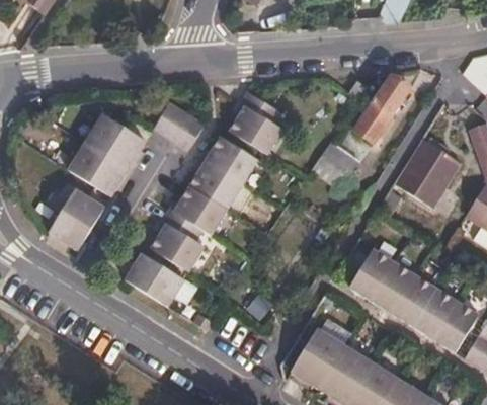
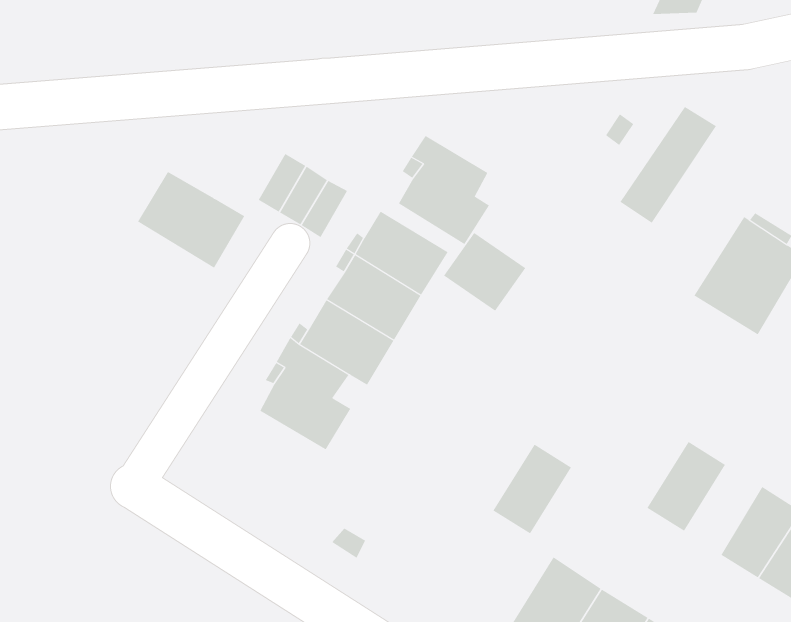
building: [68,141,129,195] -> none
building: [312,144,358,188] -> [443,232,526,311]
building: [49,187,105,249] -> none
building: [350,251,395,302] -> [493,444,572,534]
building: [127,252,185,306] -> none
building: [393,277,436,328] -> none

